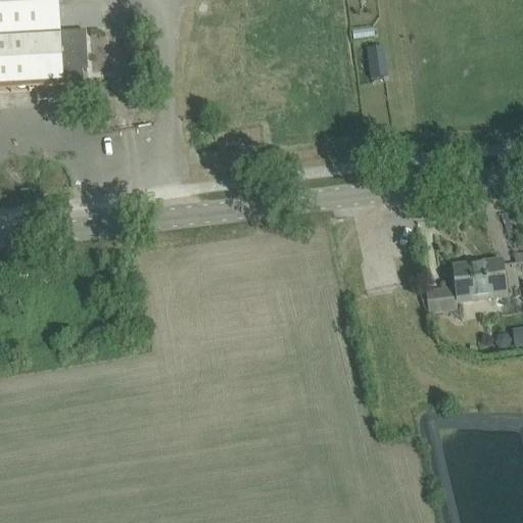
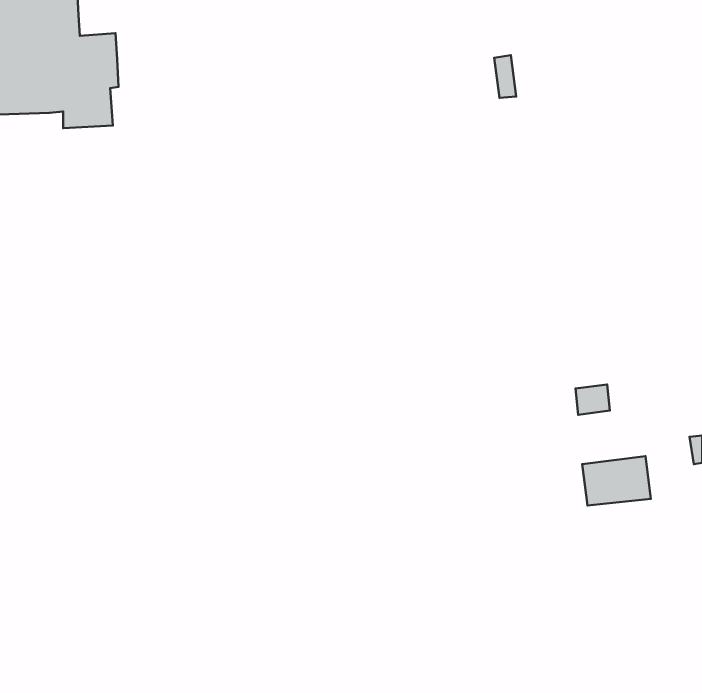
building: [454,258,505,295] -> [582,456,651,506]

